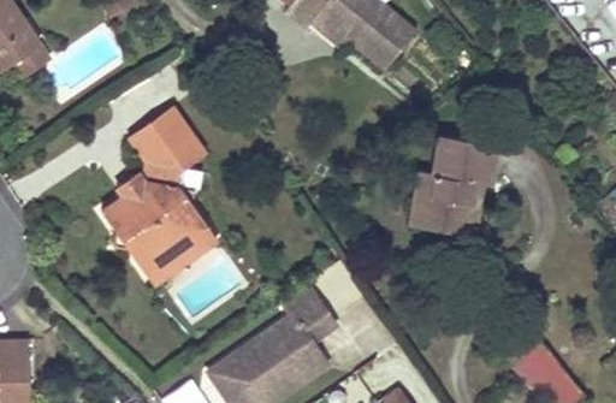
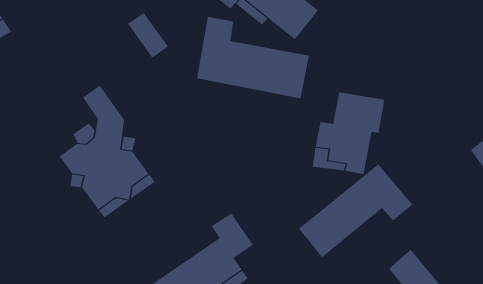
building: none -> [196,16,310,99]
building: [149,109,200,166] -> [127,12,169,58]
building: none -> [298,163,413,258]

